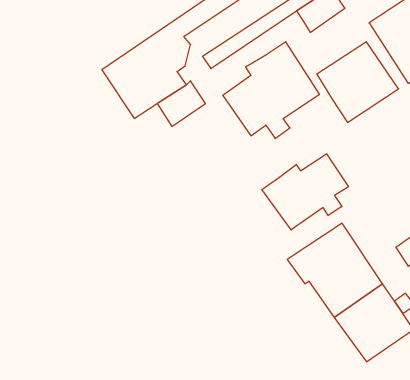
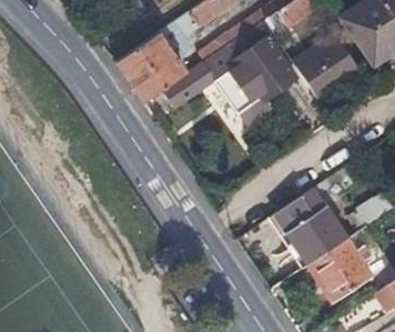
building: [262,154,348,230] -> none

